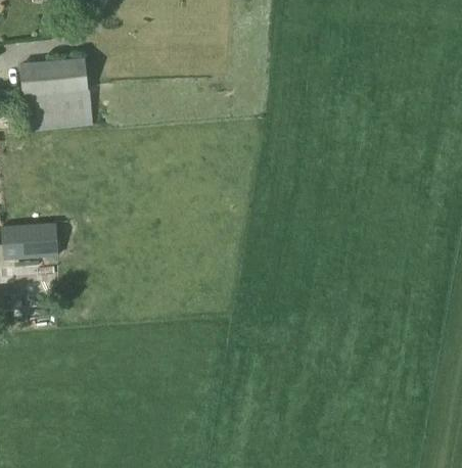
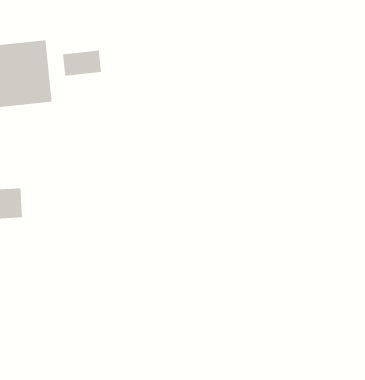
building: none -> [63,50,102,76]

